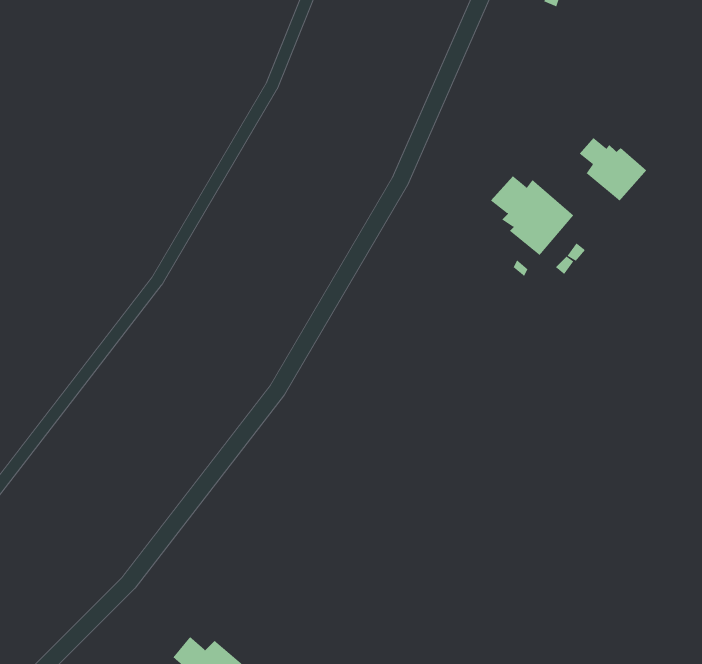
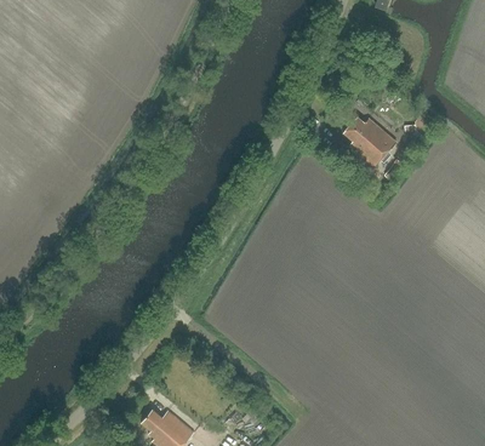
building: [579,137,647,202] -> none

